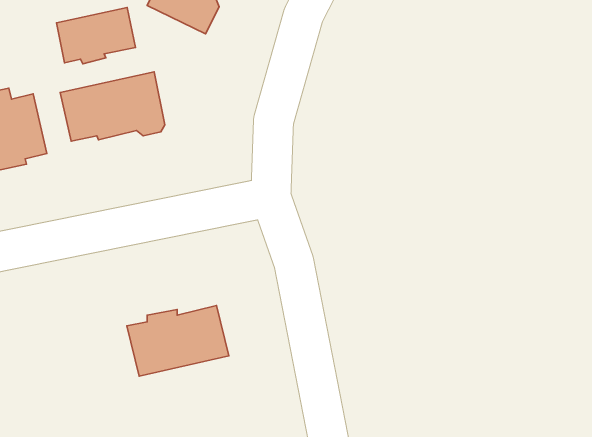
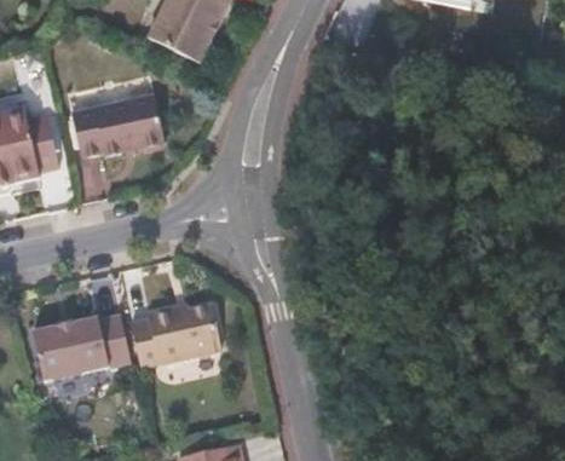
building: [56,7,135,64] -> none
building: none -> [31,315,128,381]

